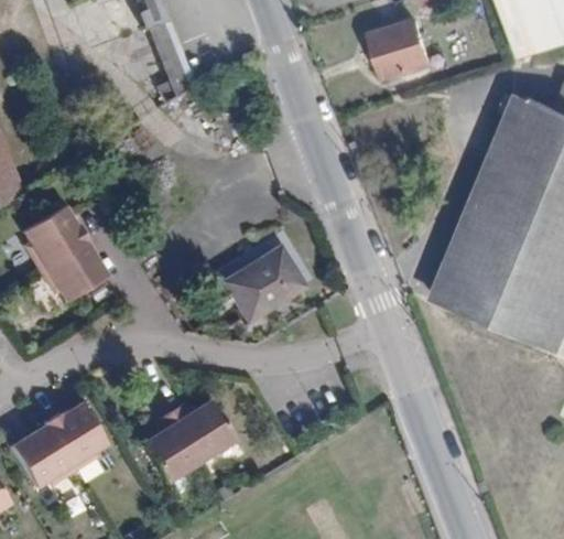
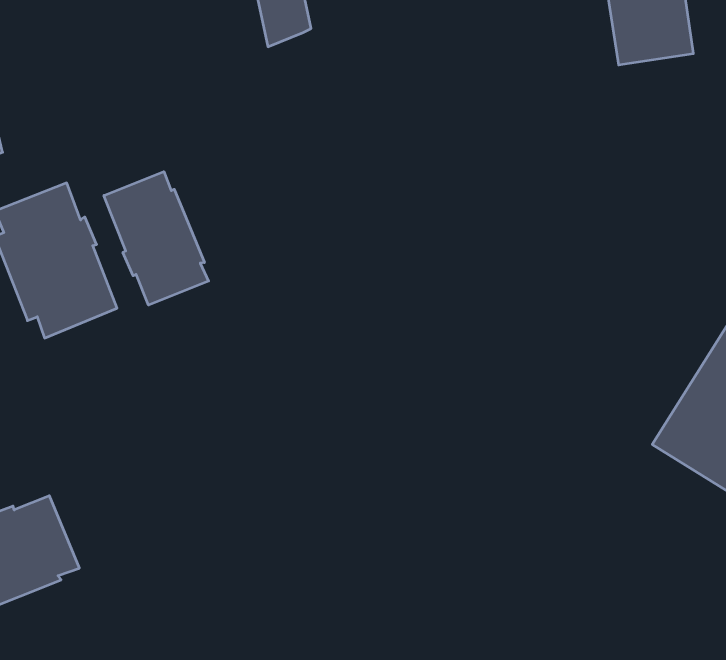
building: none -> [104,172,209,305]
building: [223,248,300,320] -> none
building: [143,394,237,475] -> none

